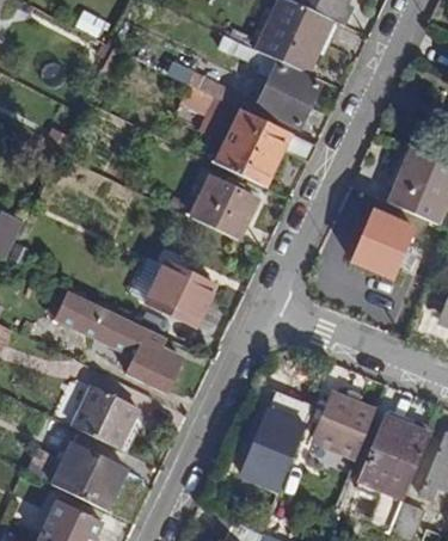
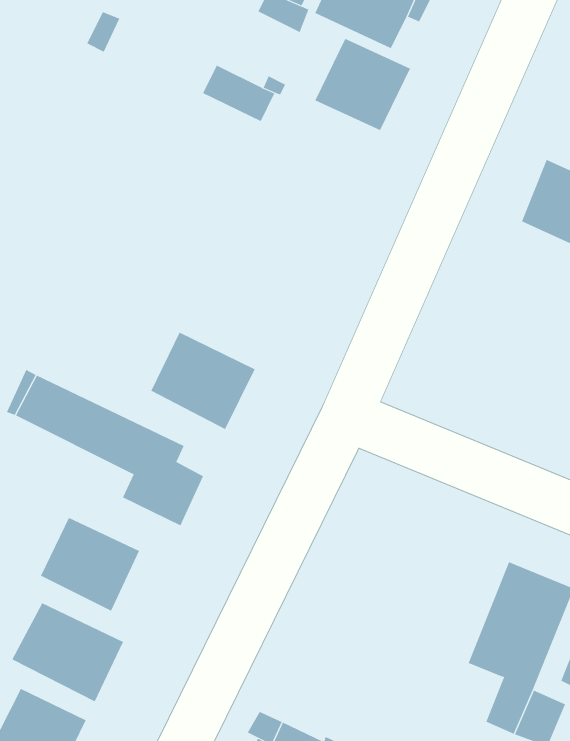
building: [214,107,315,187] -> none
building: [188,177,257,240] -> none
building: [350,209,415,279] -> none
building: [243,392,305,491] -> none
building: [312,393,374,457] -> none

